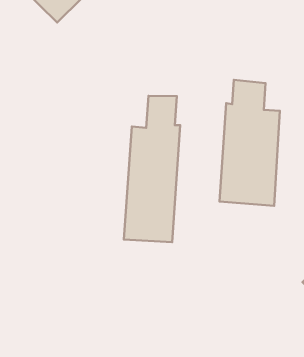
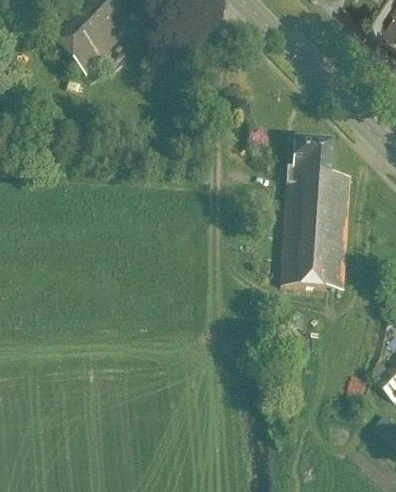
building: [124,96,180,242] -> none

